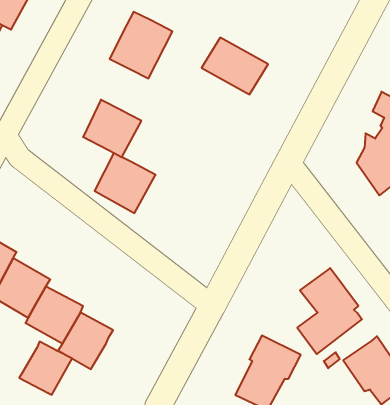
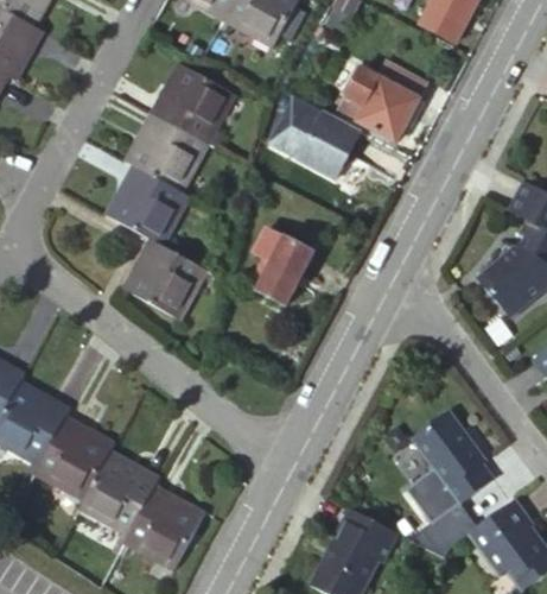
building: none -> [343,59,418,132]
building: none -> [126,125,203,200]
building: none -> [246,222,311,297]
building: [19,342,72,395] -> [122,498,193,569]

